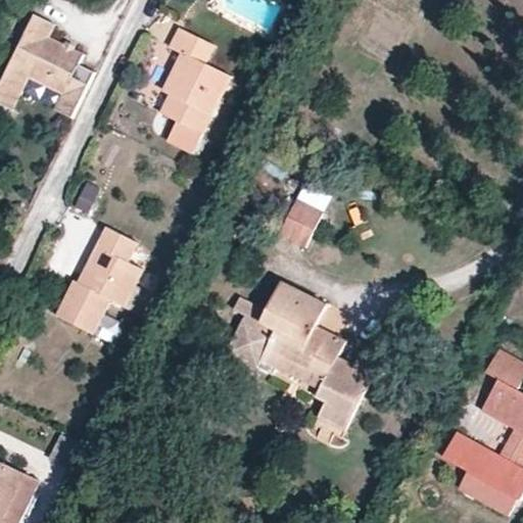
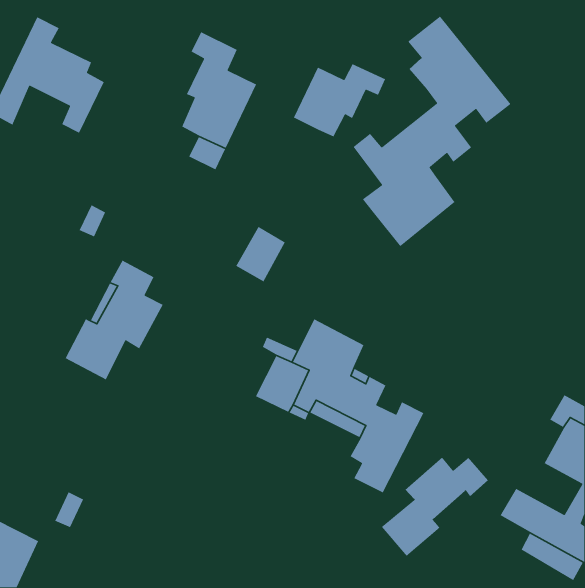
building: none -> [352,16,512,247]
building: none -> [293,63,386,137]
building: [280,196,325,246] -> [235,226,286,282]
building: none -> [381,456,489,557]

